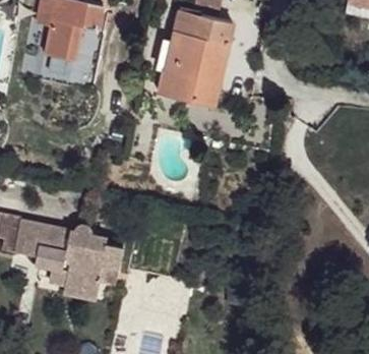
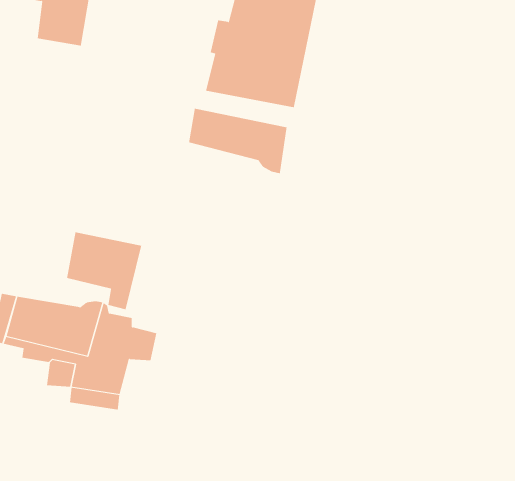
building: none -> [188,108,287,174]
building: none -> [67,232,142,310]

